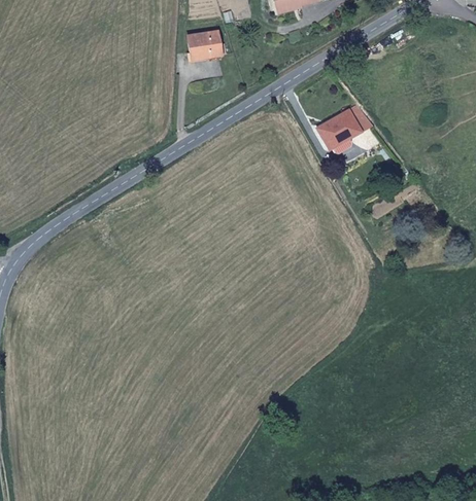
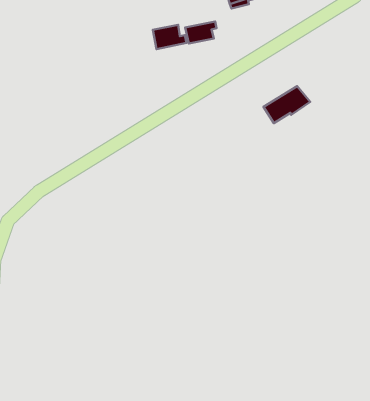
building: none -> [185,22,216,43]

